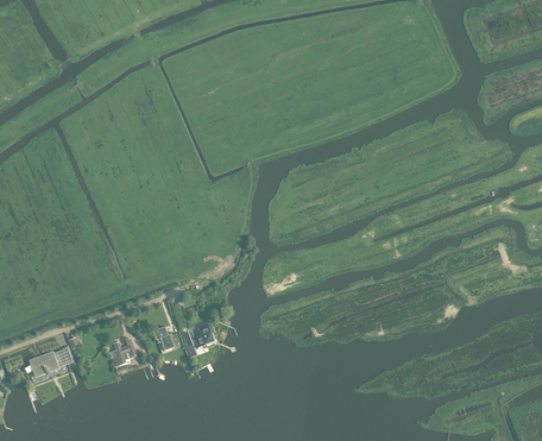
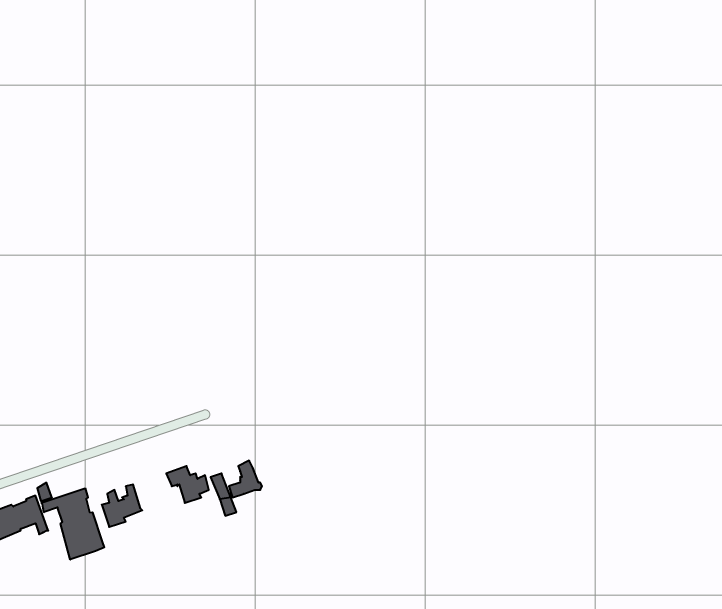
building: none -> [41,488,104,560]

